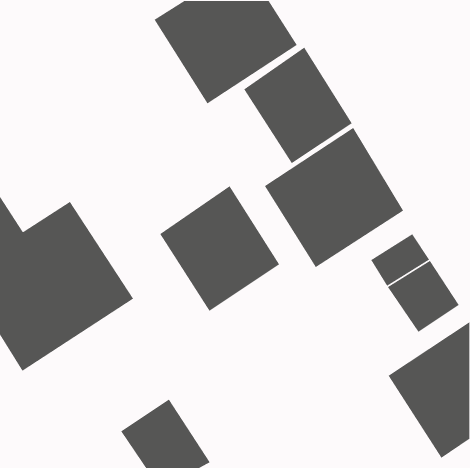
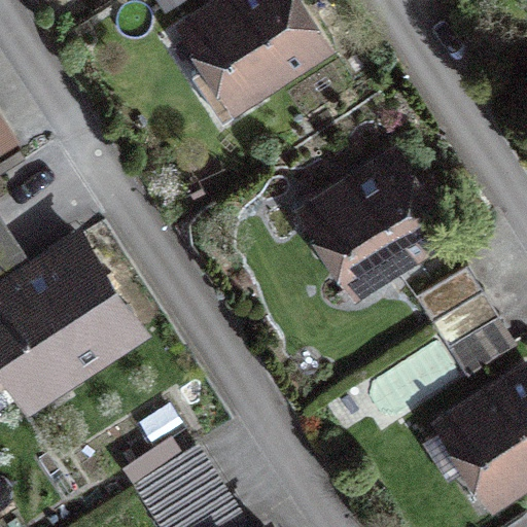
building: [243,47,353,164] -> none
building: [159,185,280,312] -> none

